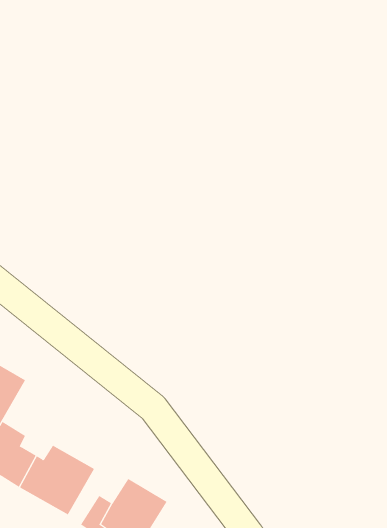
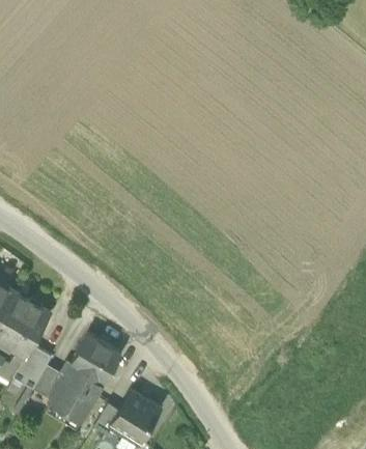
building: none -> [71,336,121,384]

